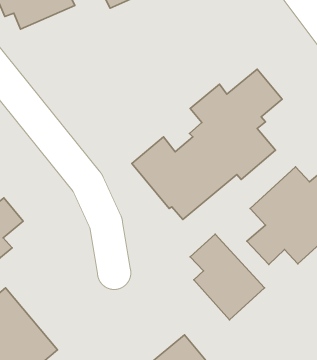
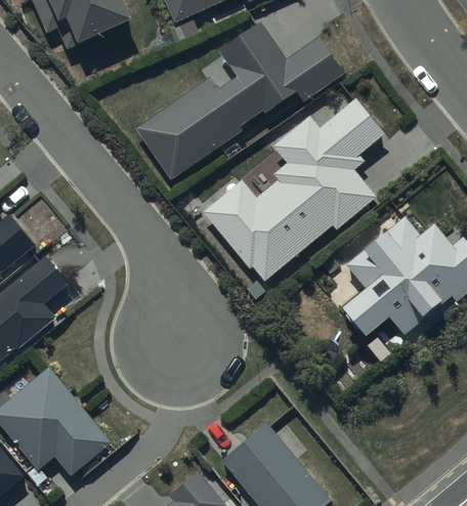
building: none -> [136,20,344,179]
building: [190,234,265,320] -> none

